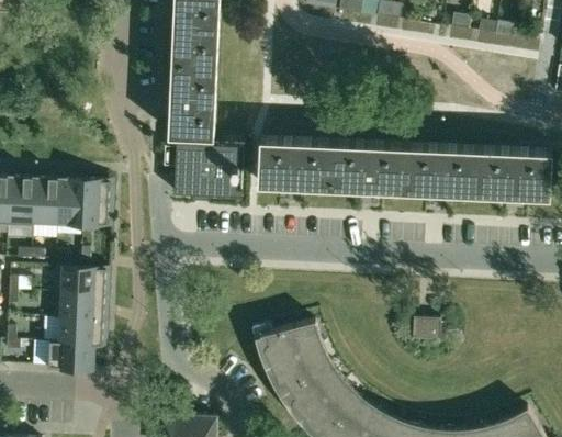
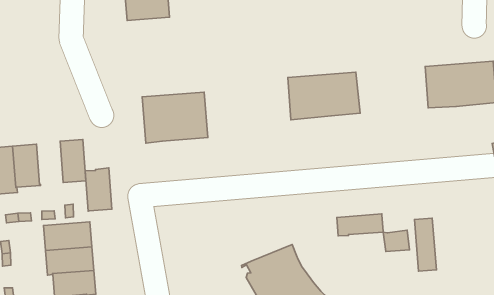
building: [167,64,215,139] -> none
building: [257,142,331,190] -> none
building: [403,148,477,195] -> none
building: [56,182,83,226] -> [85,168,112,211]
building: none -> [337,214,383,236]
building: none -> [414,218,436,271]

